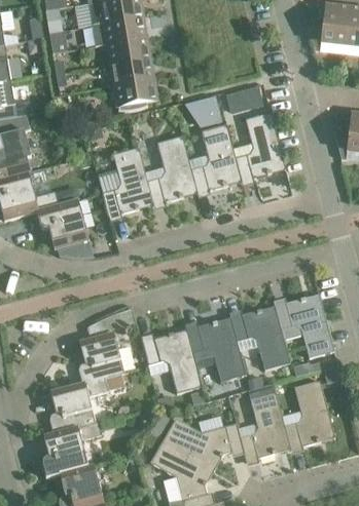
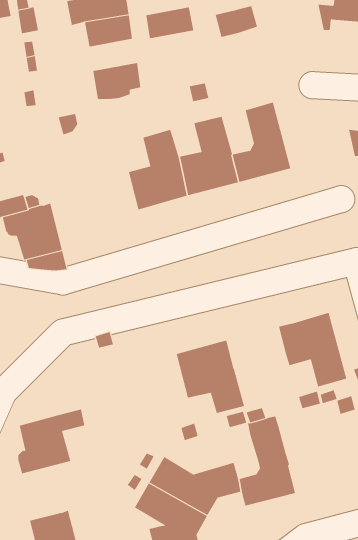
building: [111,57,153,85] -> [146,7,194,39]
building: [225,85,262,113] -> [215,5,258,38]
building: [98,148,153,217] -> none
building: [230,306,290,369] -> none
building: [142,329,202,393] -> none
building: [78,333,124,383] -> none
building: [284,381,335,450] -> none
building: [42,421,101,478] -> none

